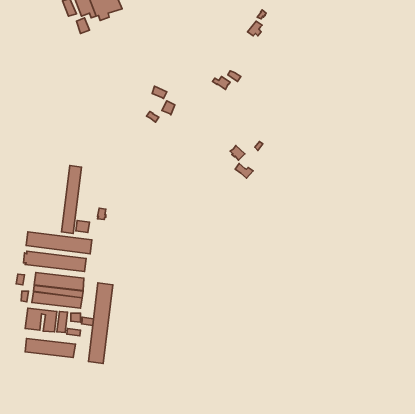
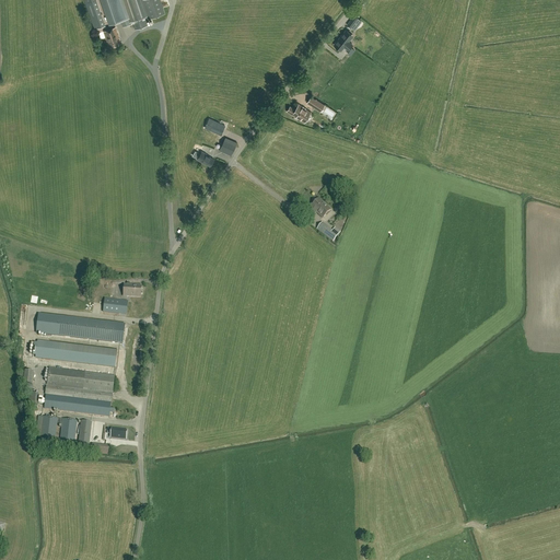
building: [61,166,81,233] -> none
building: [88,283,113,363] -> none
building: [25,338,76,358] -> none

